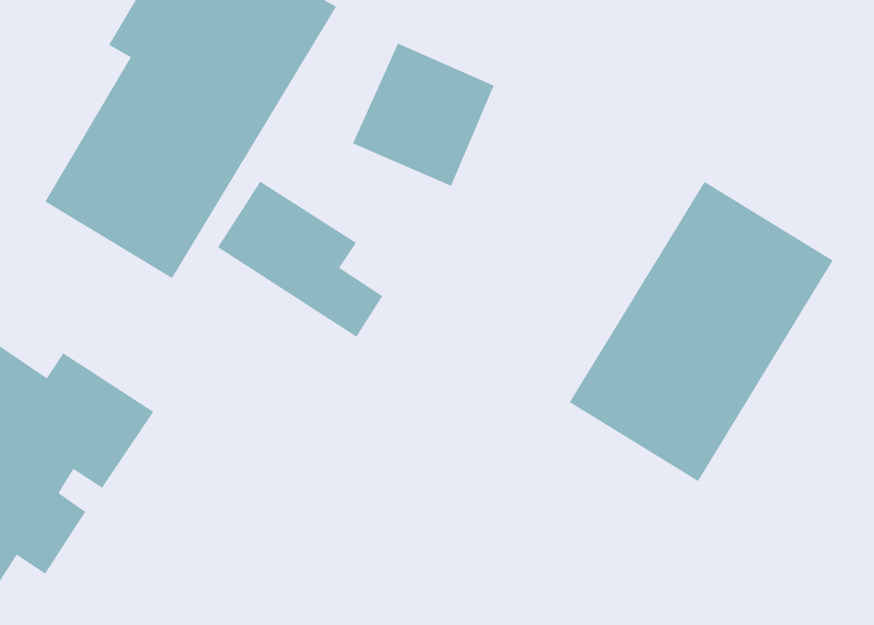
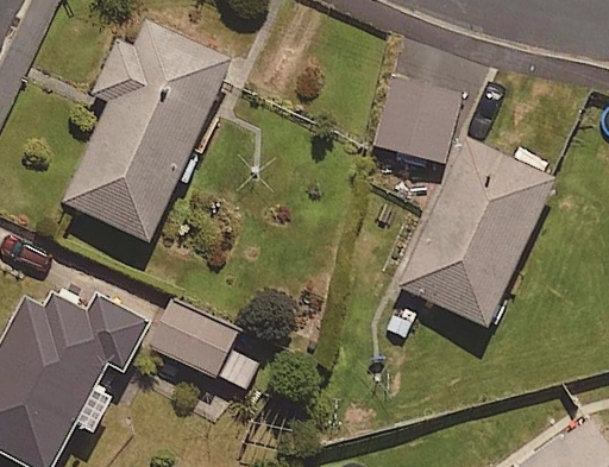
building: [352,43,495,187] -> [377,78,460,163]
building: [217,181,383,337] -> [150,301,256,390]

